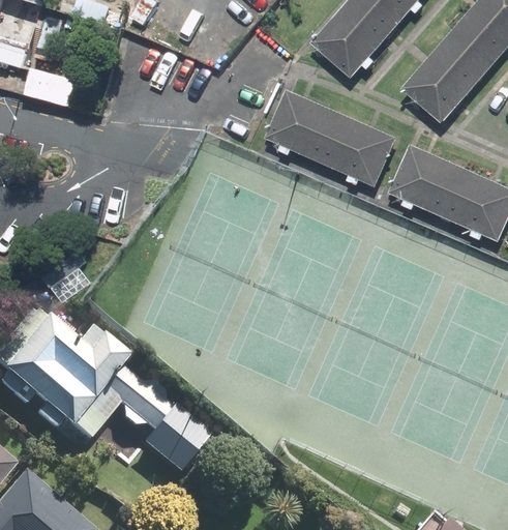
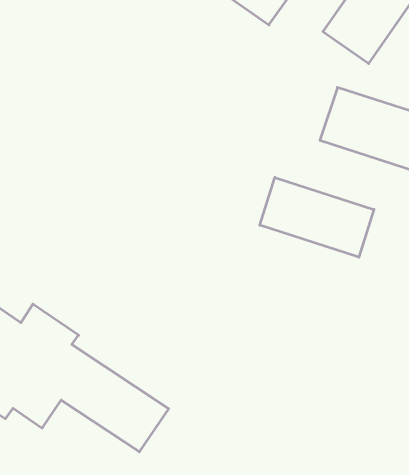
building: [264,91,394,186] -> none
building: none -> [260,177,374,257]

